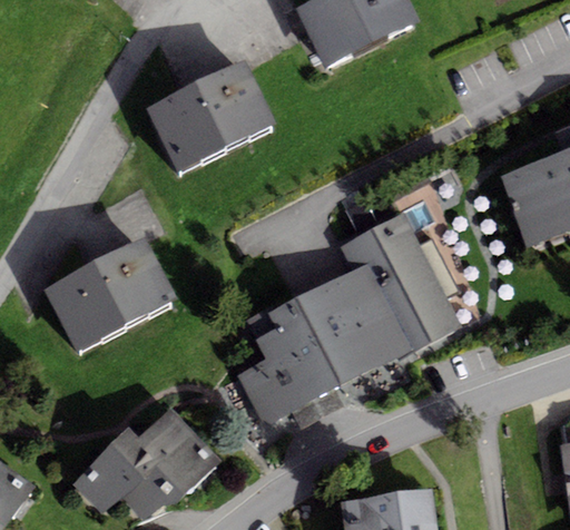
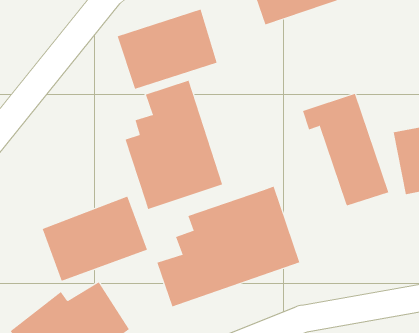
building: none -> [125,80,223,210]
building: [343,214,463,352] -> [302,93,389,206]
building: [43,234,176,350] -> [42,196,148,281]

